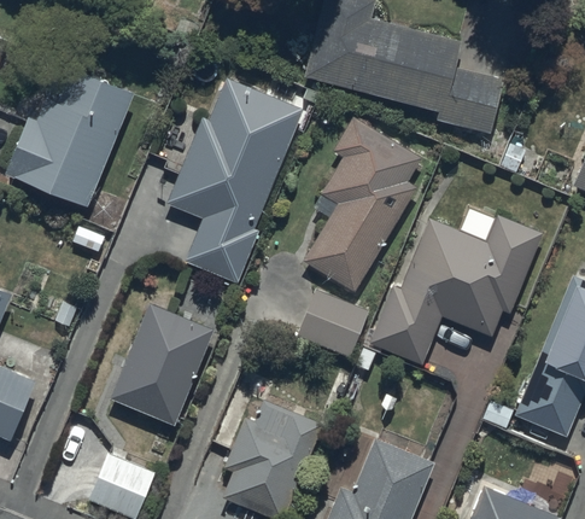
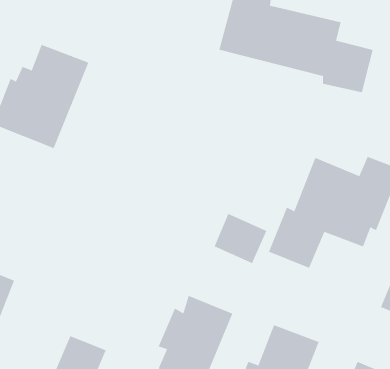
building: [166,78,304,280] -> none
building: [303,118,422,292] -> none
building: [110,302,213,427] -> none

